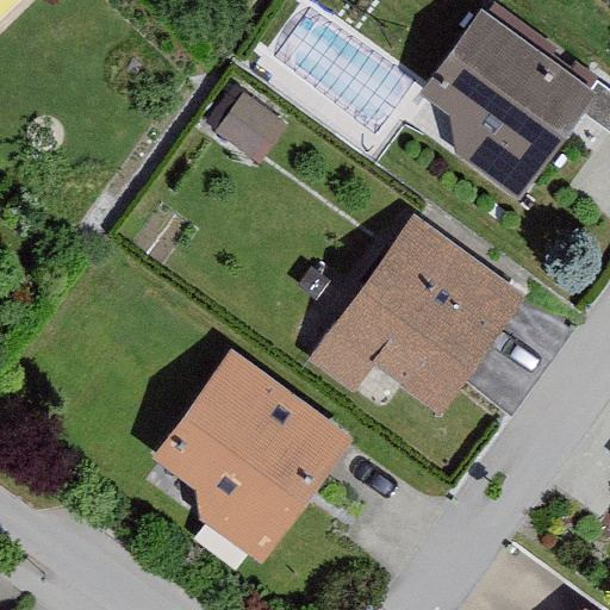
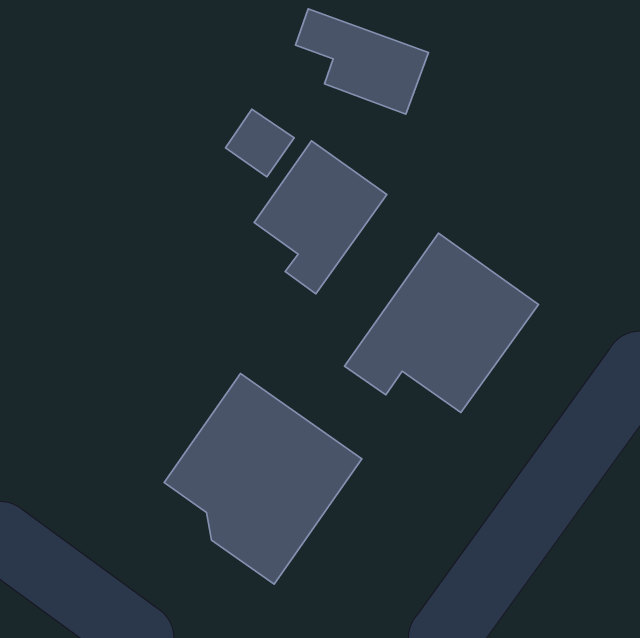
building: [428,15,587,188] -> none
building: none -> [254,141,387,294]

